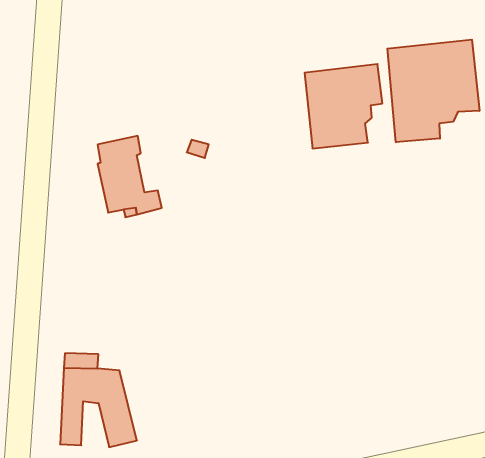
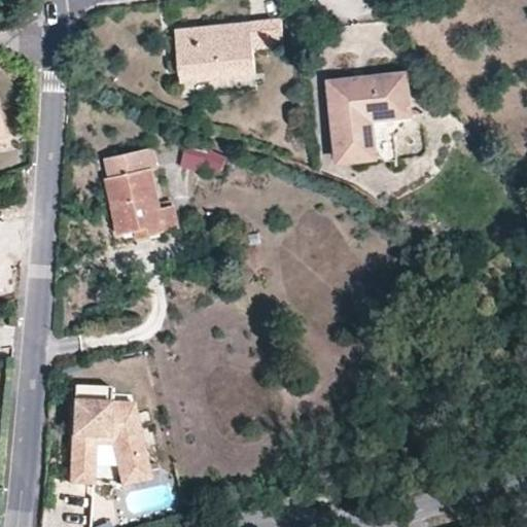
building: none -> [175,20,283,81]
building: [387,40,479,142] -> none

